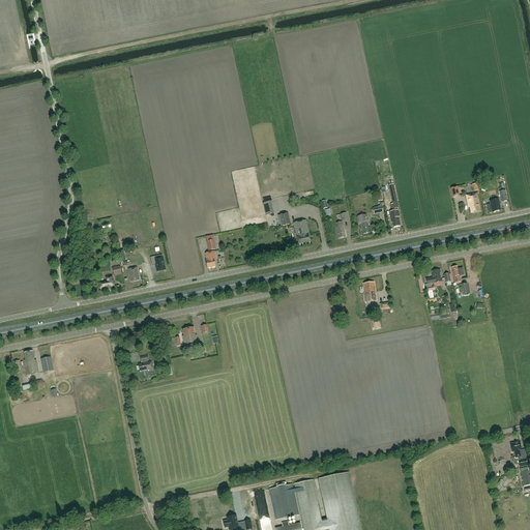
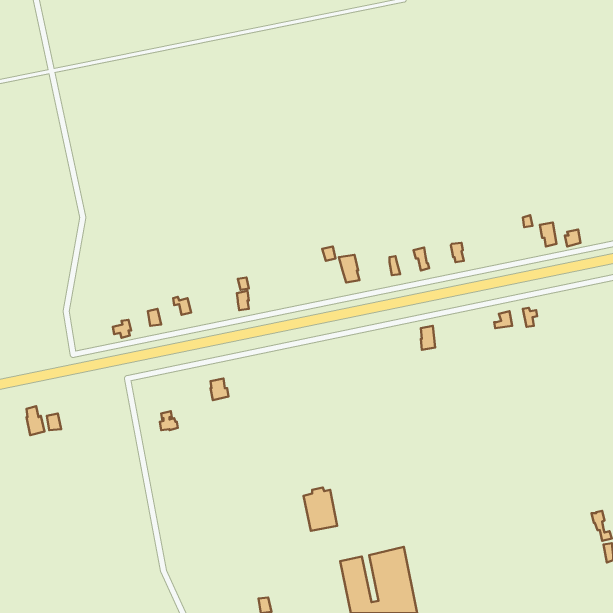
building: [268,481,297,519] -> [304,487,337,531]

